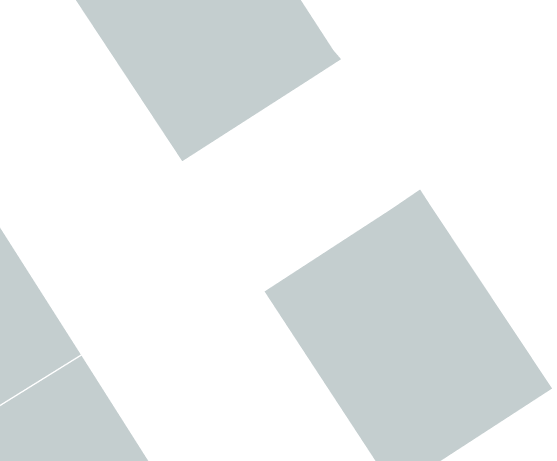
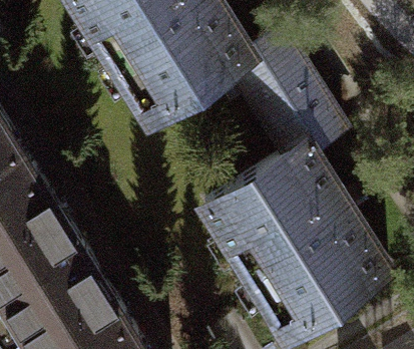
building: none -> [234,33,348,156]

